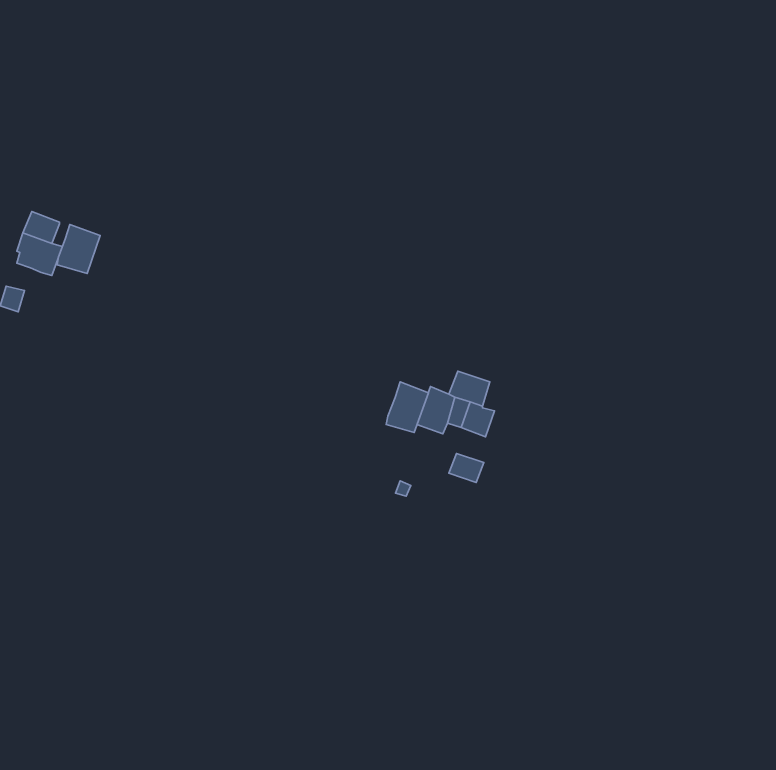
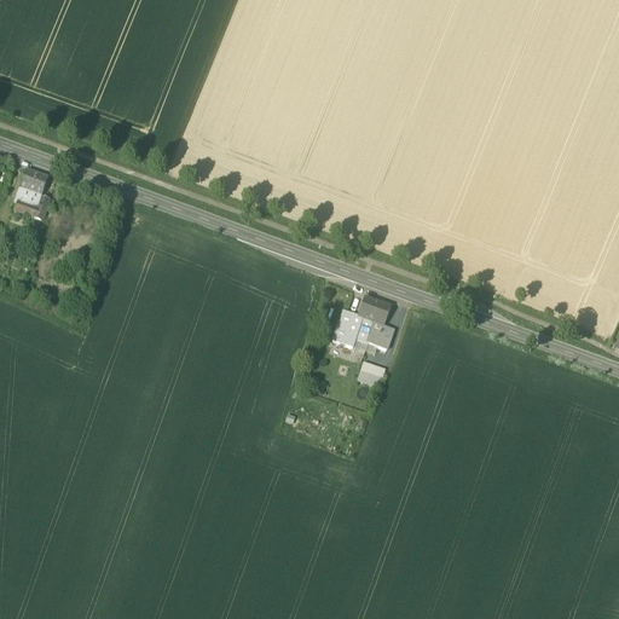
building: [57,224,100,274] -> none
building: [386,382,428,433] -> none

